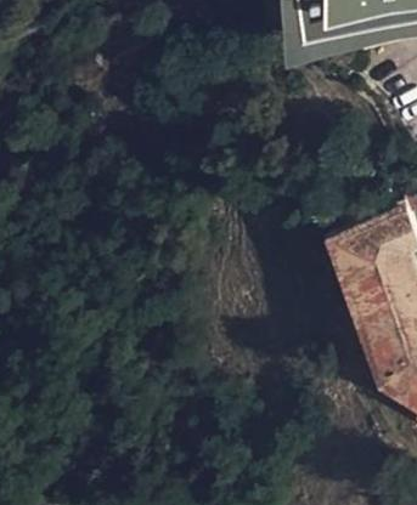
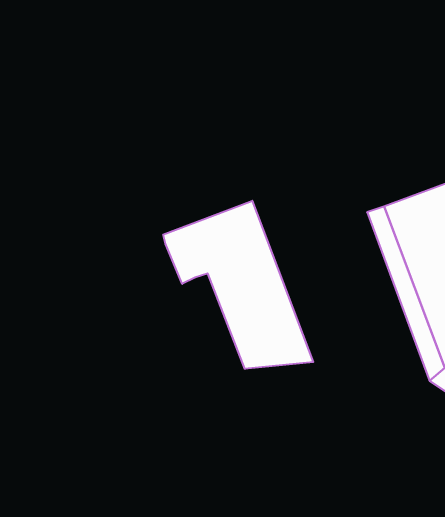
building: none -> [163,201,313,369]

